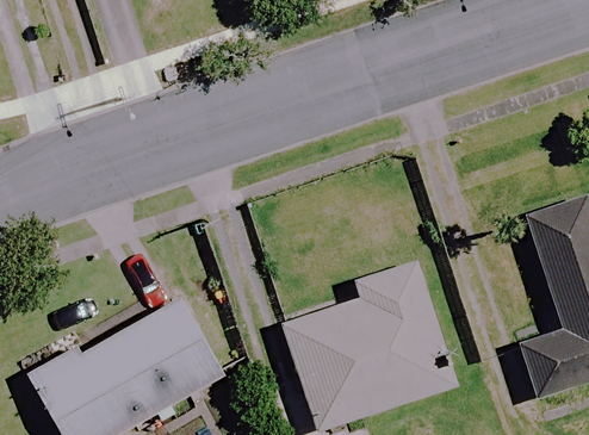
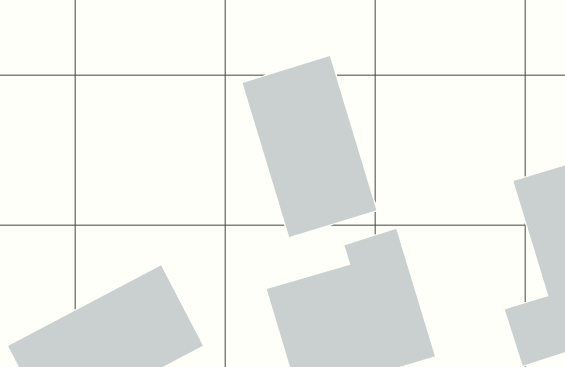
building: none -> [242,55,377,238]

